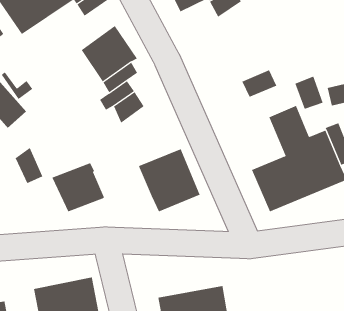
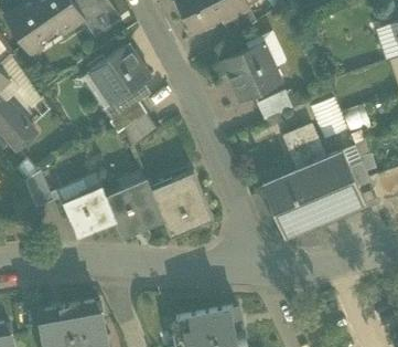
building: none -> [220,41,279,99]
building: none -> [104,177,162,236]

